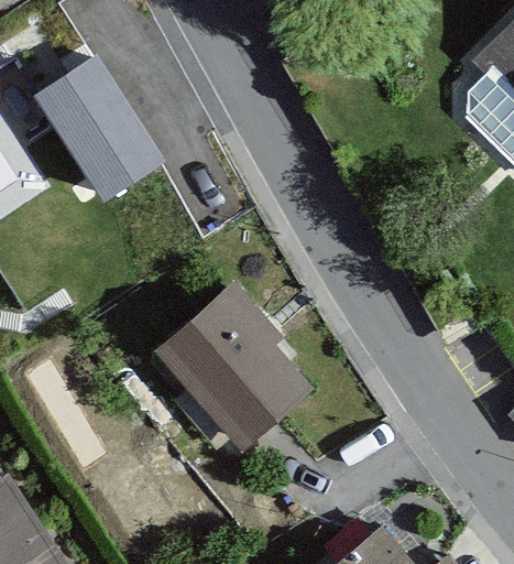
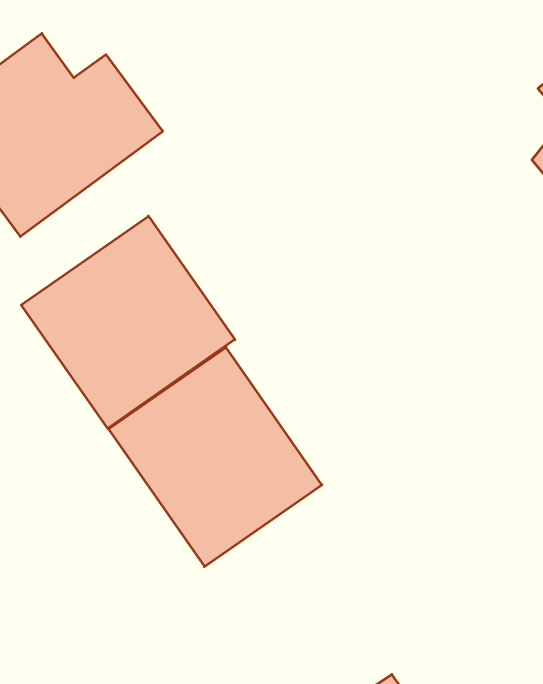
building: none -> [21,216,235,428]

